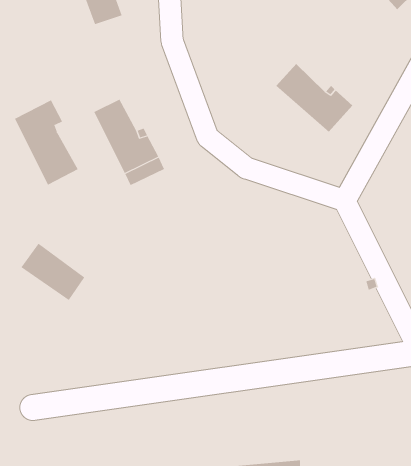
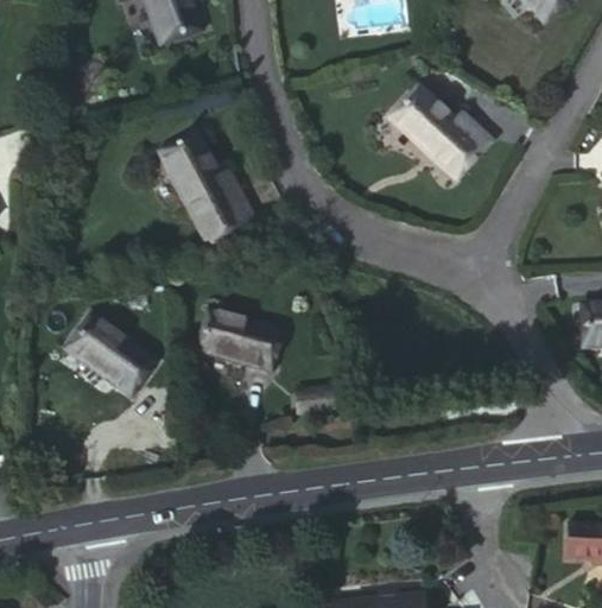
building: [14,99,79,186] -> none
building: none -> [198,310,280,367]

